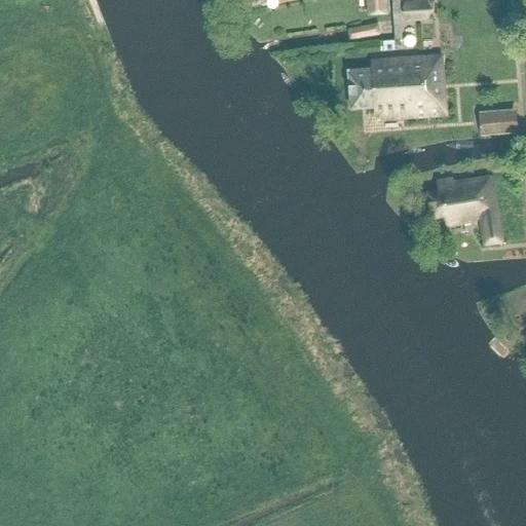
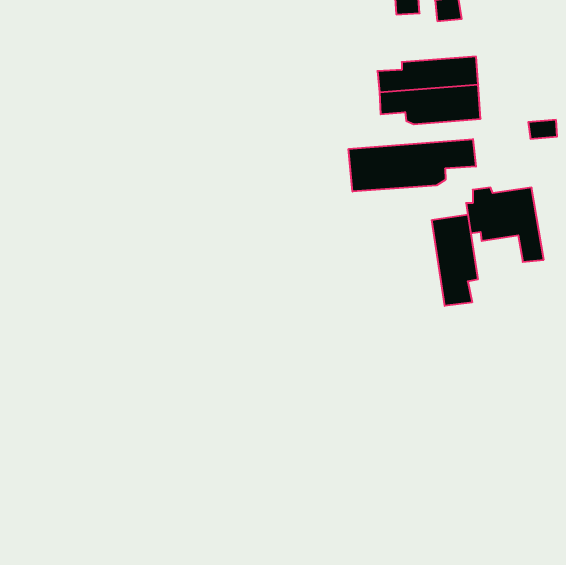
building: none -> [349,139,476,192]
building: none -> [432,215,478,306]

